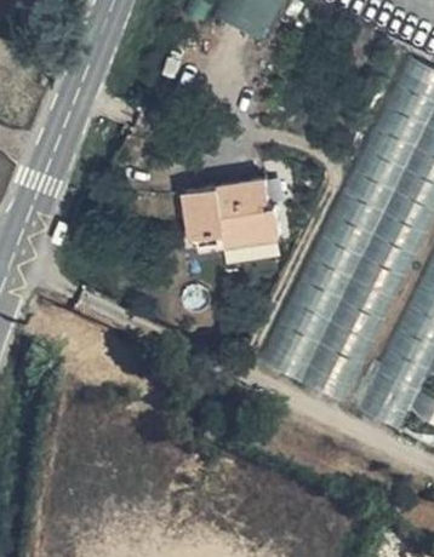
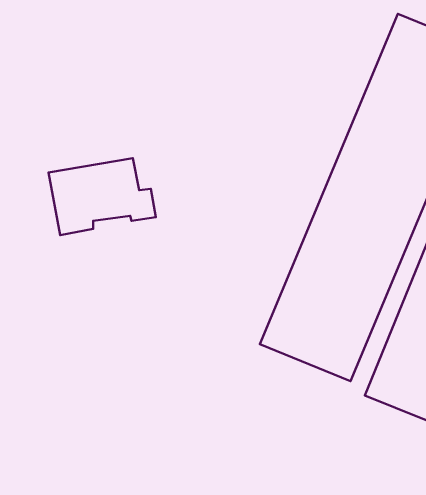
building: [182,183,284,255] -> [49,158,156,235]

